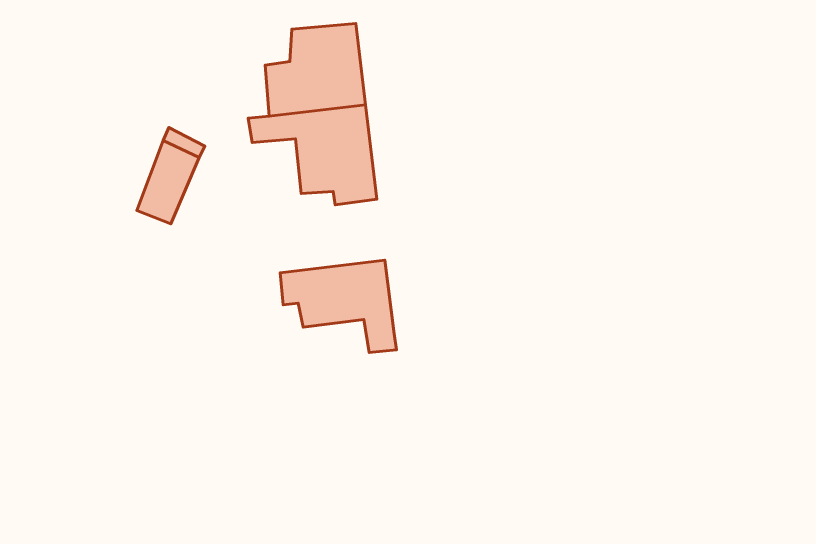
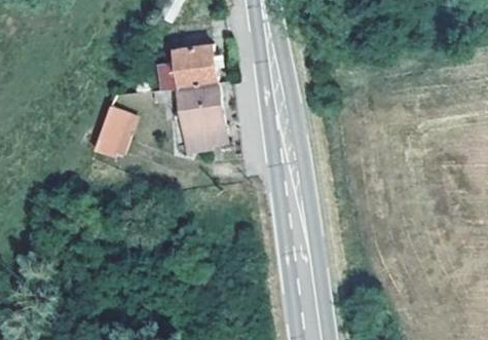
building: [280,260,397,352] -> none

